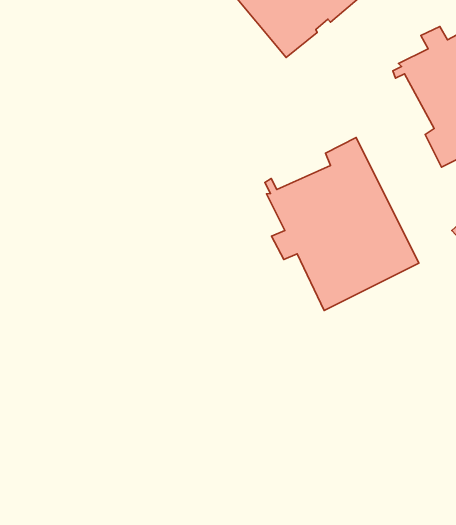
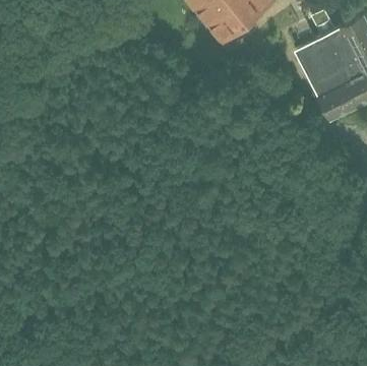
building: [265,138,419,311] -> none

